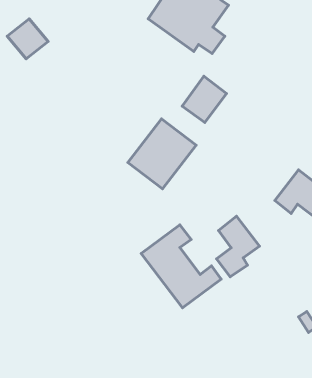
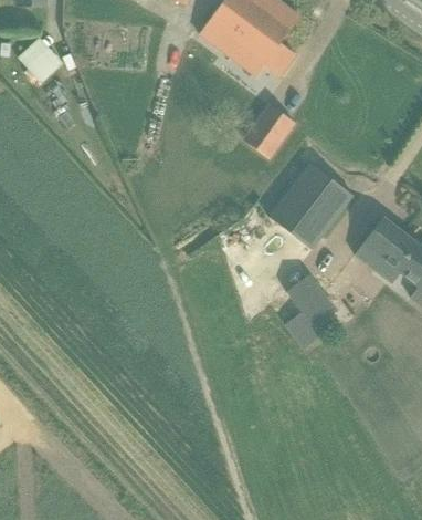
building: [128,119,196,189] -> [270,164,352,249]
building: [141,225,221,308] -> none

